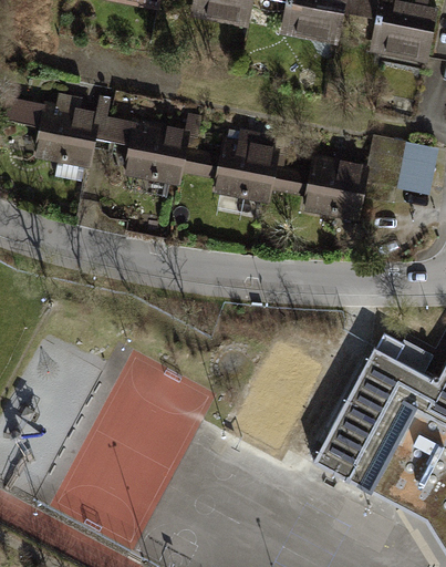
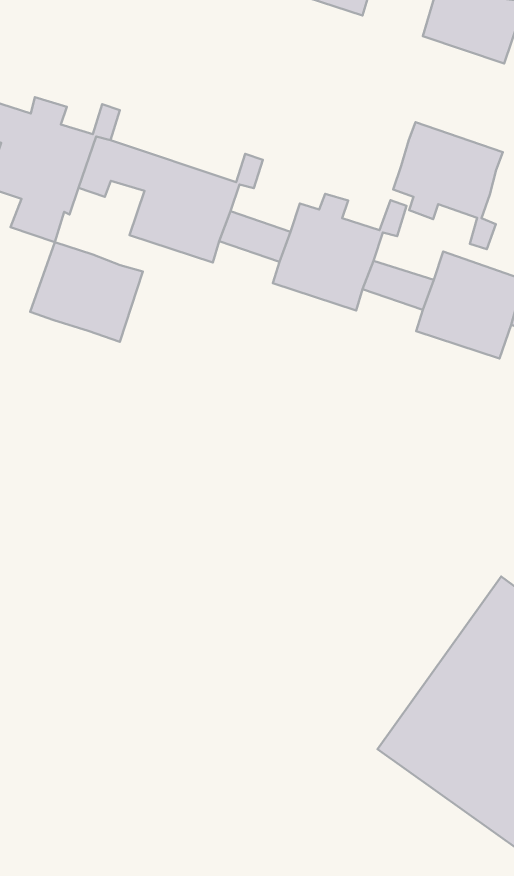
building: none -> [393,122,503,249]
building: none -> [30,242,143,342]

